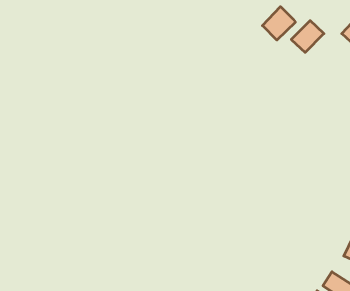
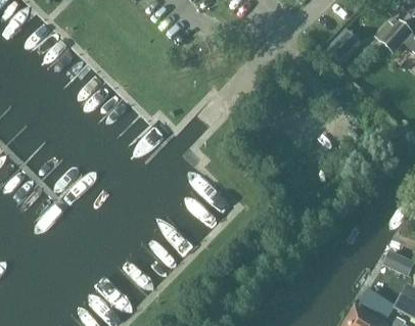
building: [262,7,295,40] -> none

